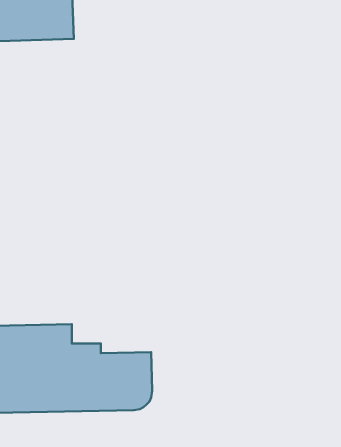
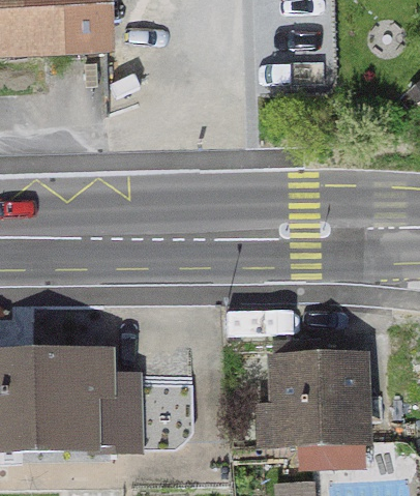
building: none -> [272,344,362,467]

